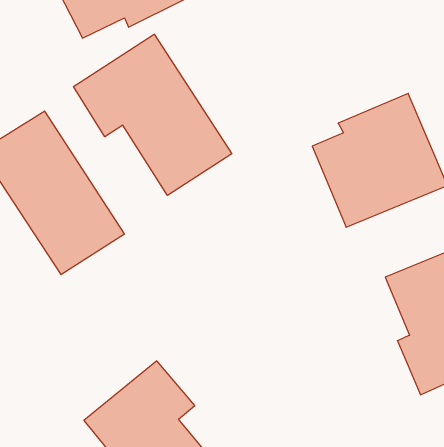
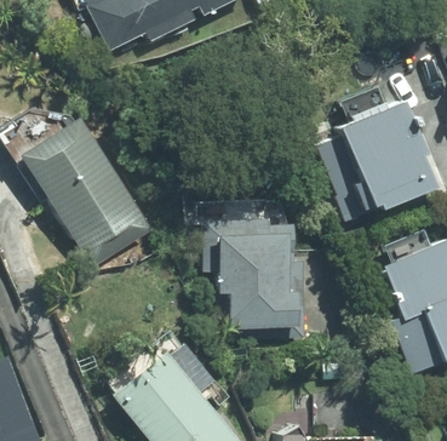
building: [74,34,232,195] -> none
building: none -> [202,220,305,339]

